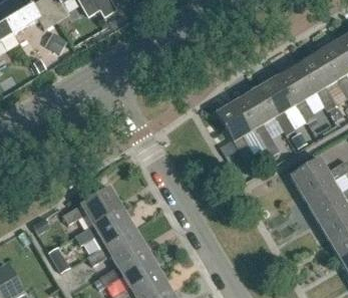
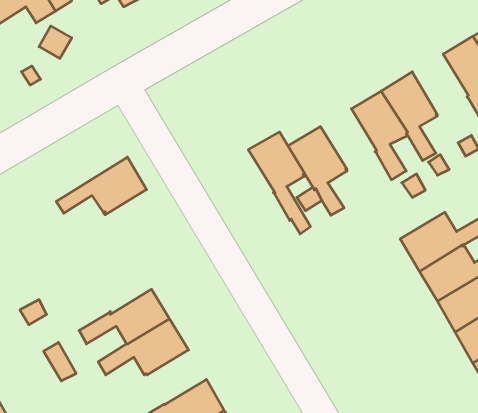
building: [299,49,337,109] -> none
building: [237,86,279,156] -> [248,132,310,234]
building: [61,187,122,226] -> [56,157,147,215]
building: [98,250,159,287] -> none

